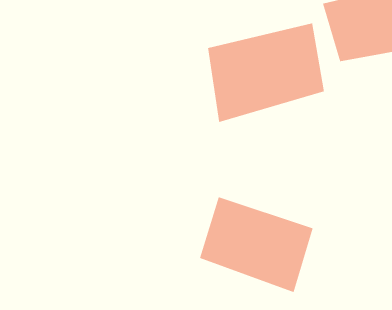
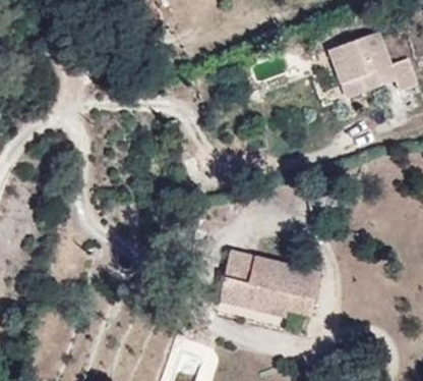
building: [208,23,324,123] -> none

